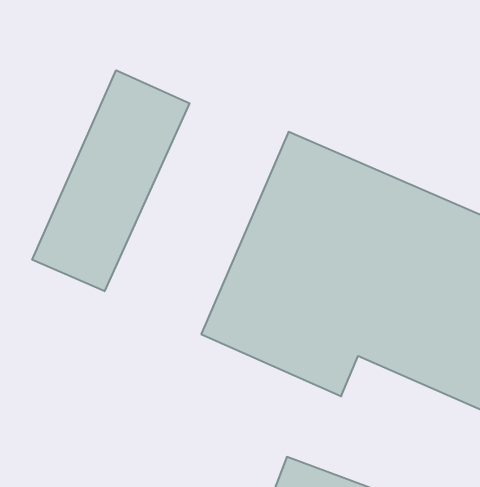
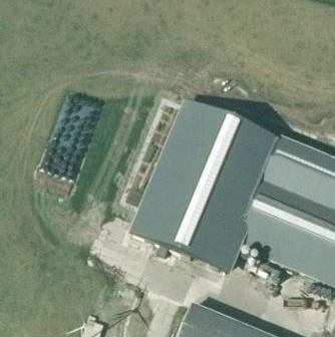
building: [32,70,189,291] -> none

